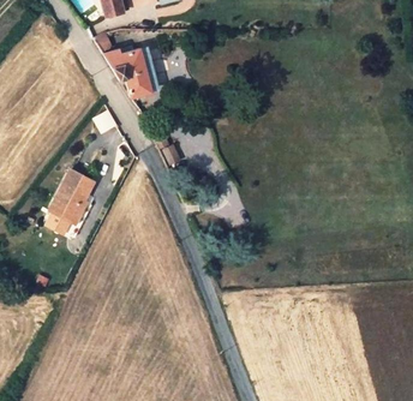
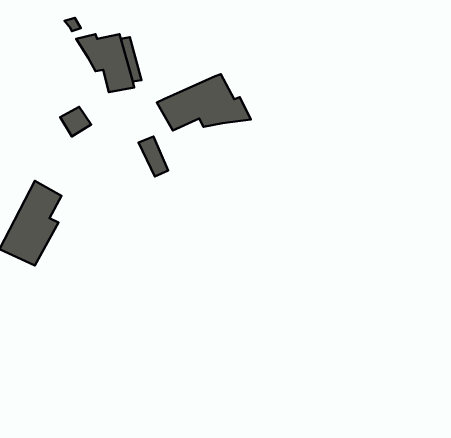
building: none -> [157,74,251,130]

